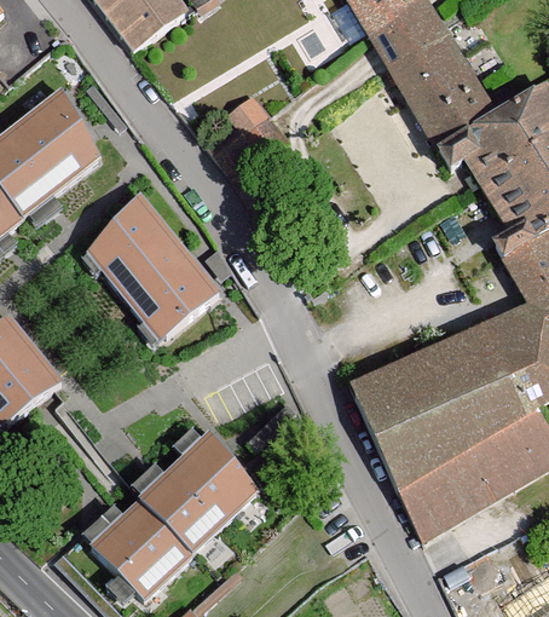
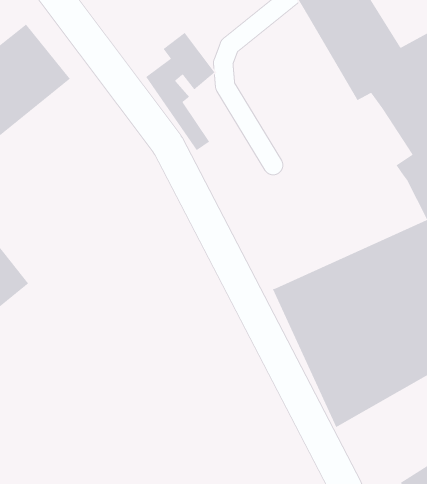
building: [87,191,231,338] -> none
building: [87,417,271,598] -> none

